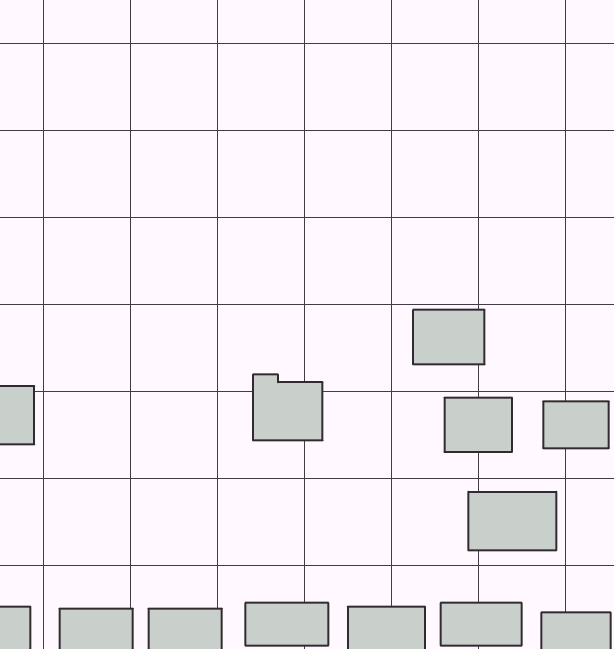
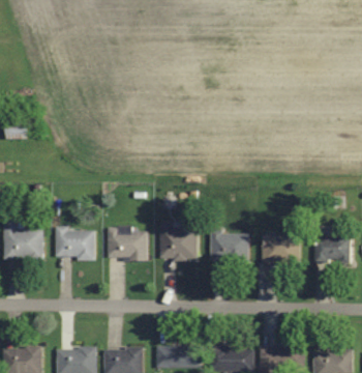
building: [413,310,485,364] -> [211,232,249,261]
building: none -> [108,227,147,260]
building: none -> [56,229,95,259]
building: [468,492,556,550] -> none

